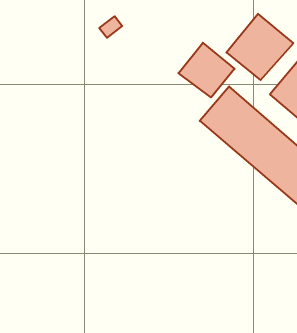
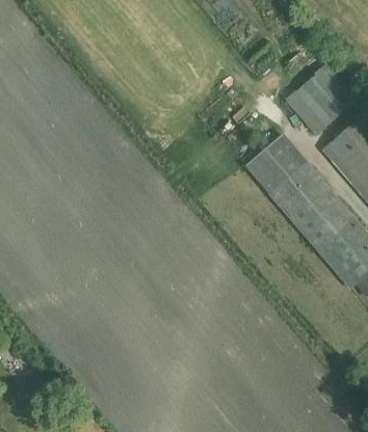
building: [178,43,235,97] -> none

